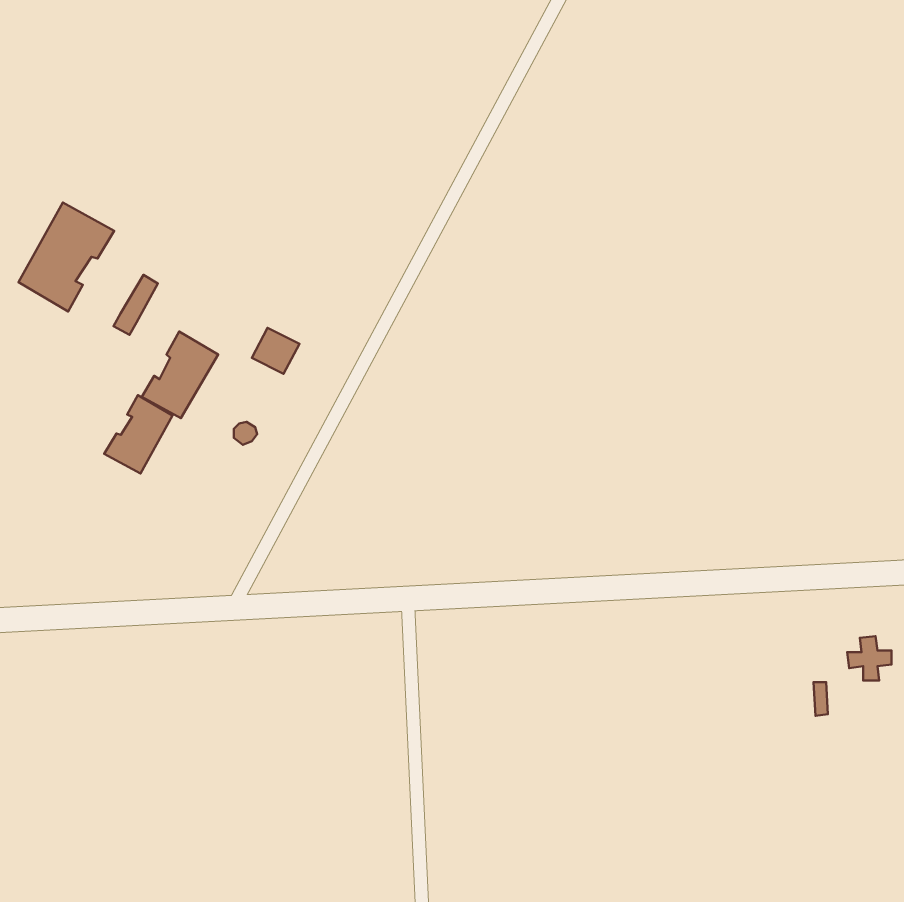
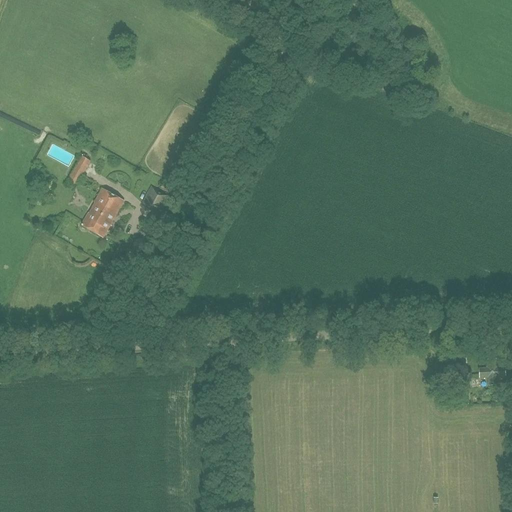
building: [19,203,114,311] -> none
building: [104,395,173,474] -> none

